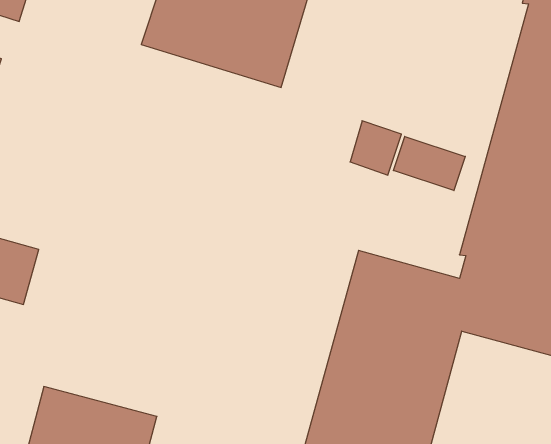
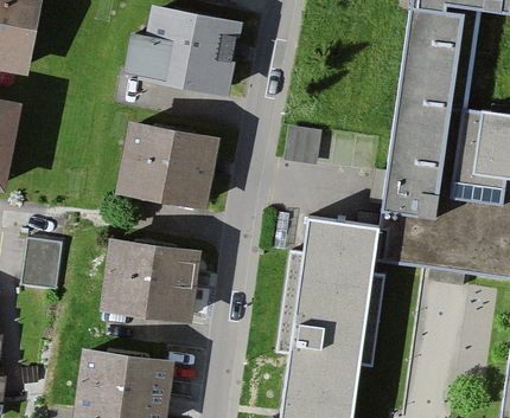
building: none -> [119,126,218,206]
building: [393,136,465,191] -> none
building: none -> [100,236,198,320]

